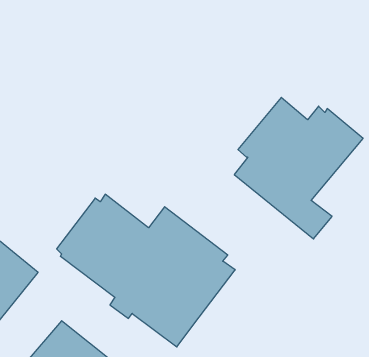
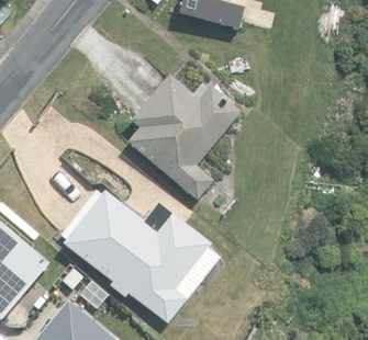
building: [234,97,363,239] -> [129,76,243,201]

